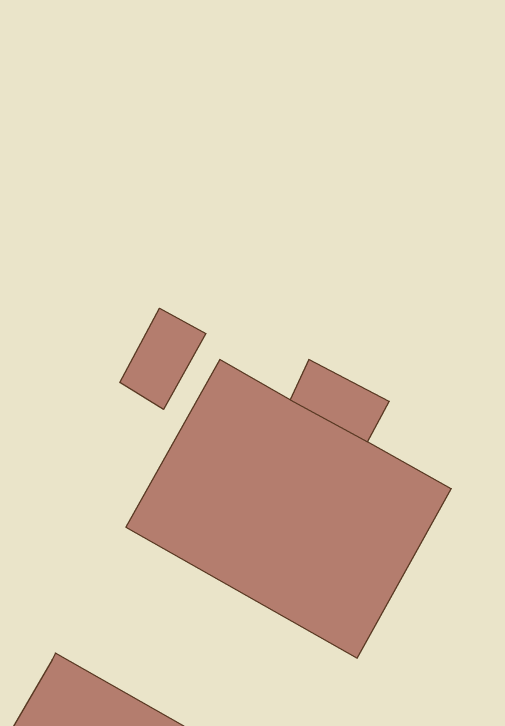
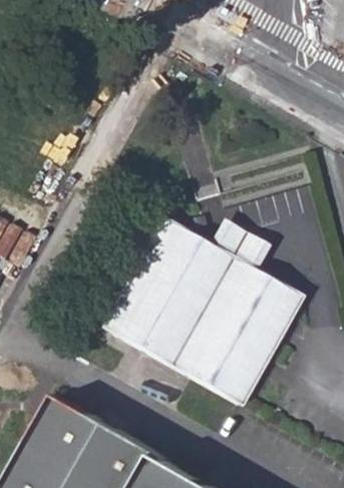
building: [120,308,206,409] -> none

